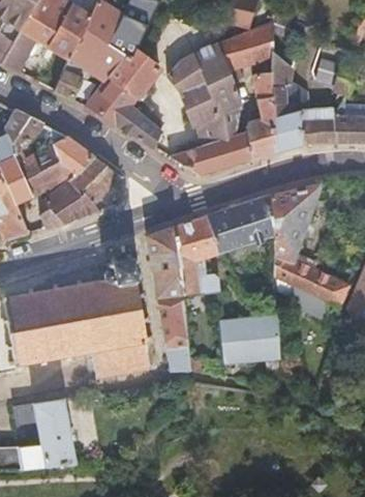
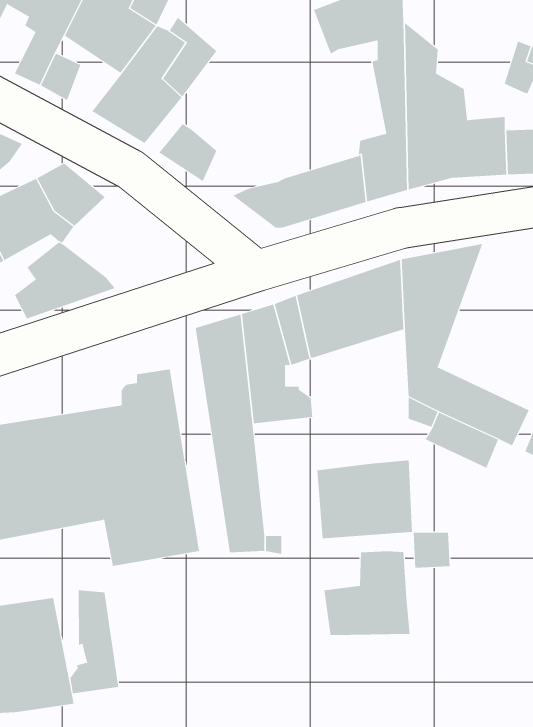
building: [169,43,247,145] -> none
building: [68,156,120,205] -> none
building: none -> [324,550,410,636]
building: none -> [70,590,119,694]

